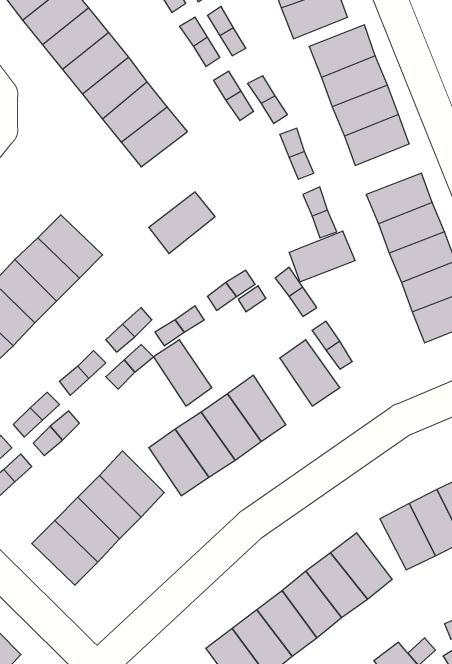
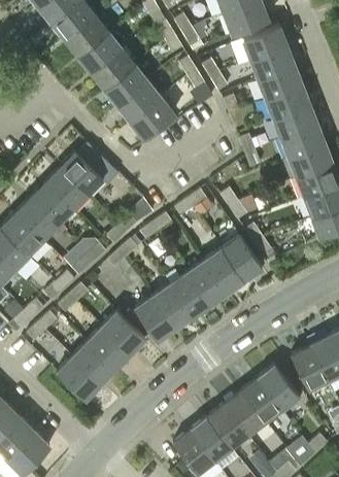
building: [149,192,215,254] -> [130,97,174,138]
building: [289,231,355,282] -> [273,105,317,139]
building: [153,340,212,406] -> [205,248,244,293]

